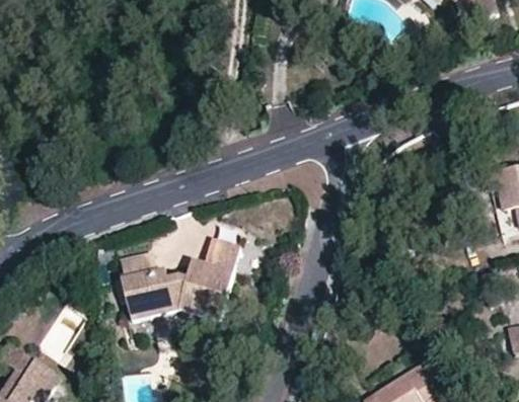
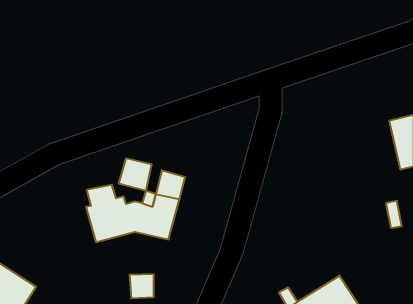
building: none -> [119,158,151,191]
building: none -> [130,274,153,299]

